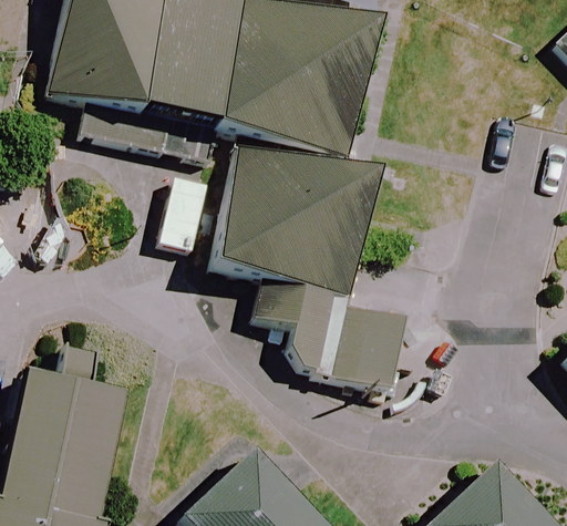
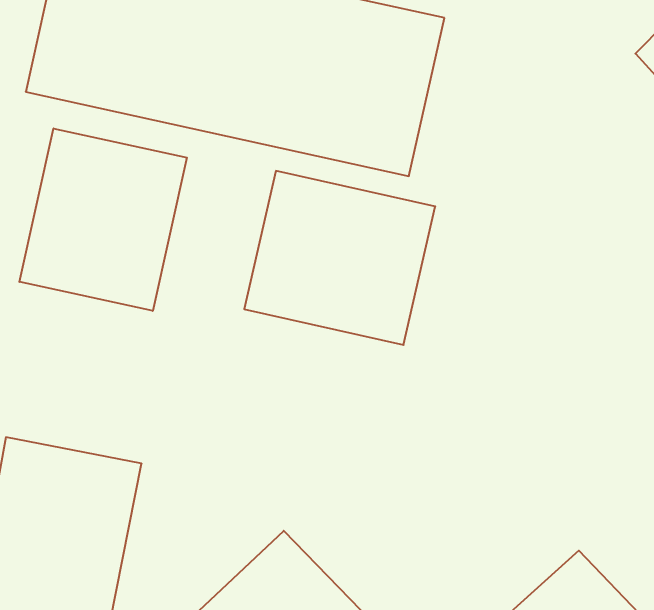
building: none -> [19,128,187,311]
building: [278,291,403,400] -> none

